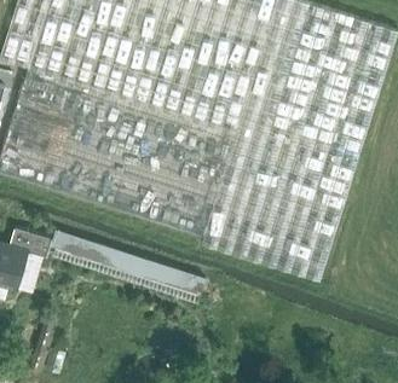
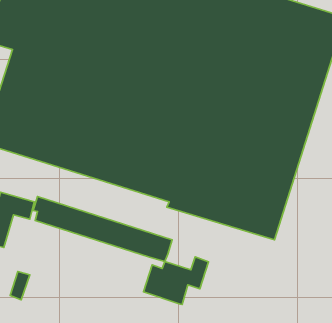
building: none -> [143,257,209,304]

